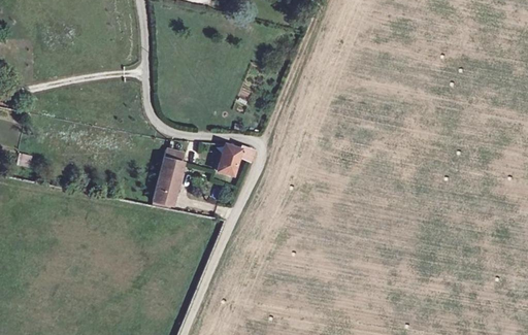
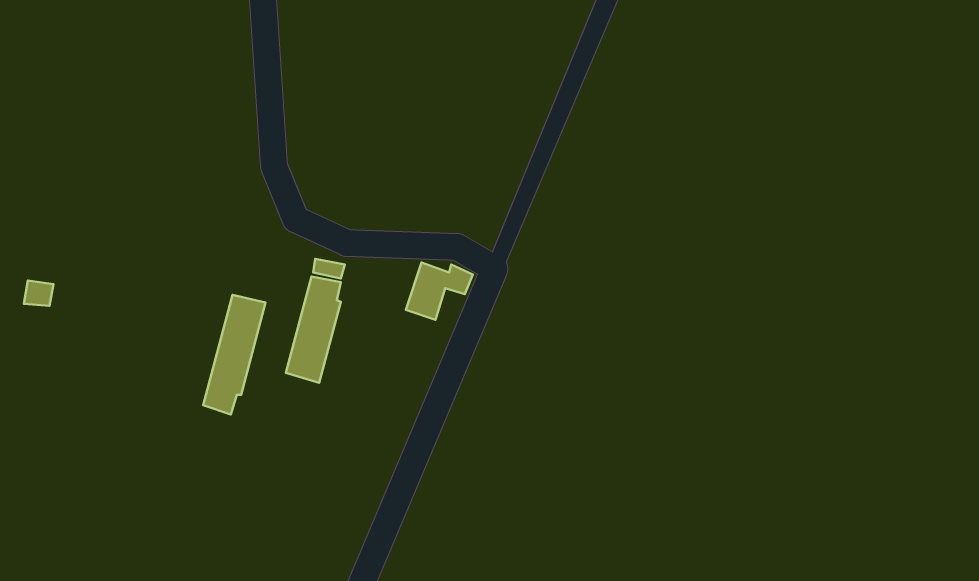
building: none -> [203,295,266,415]

